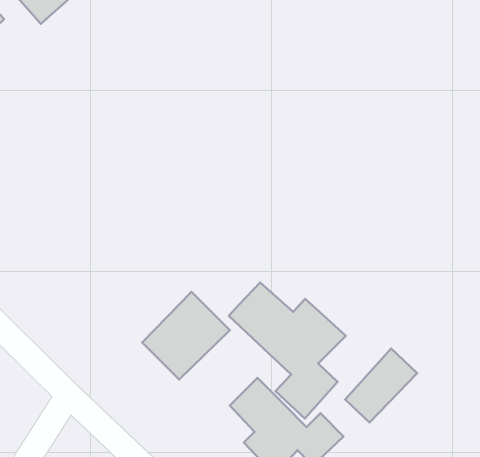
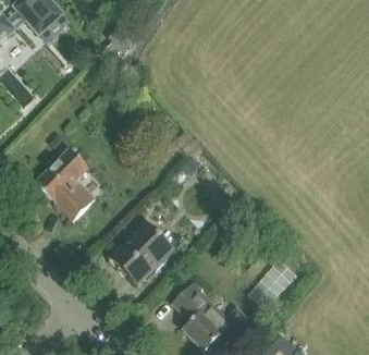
building: none -> [35,147,95,219]
building: [229,283,346,419] -> none

